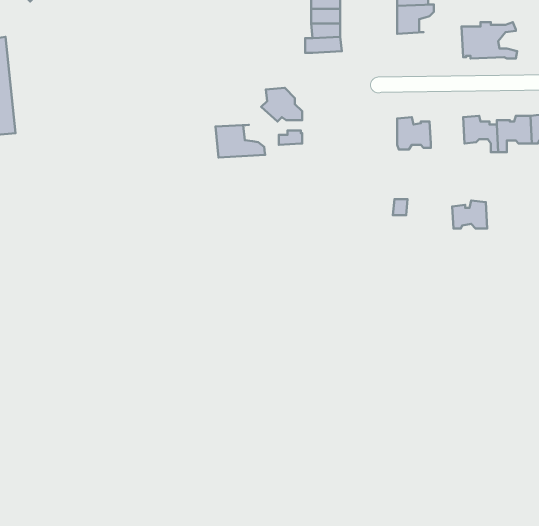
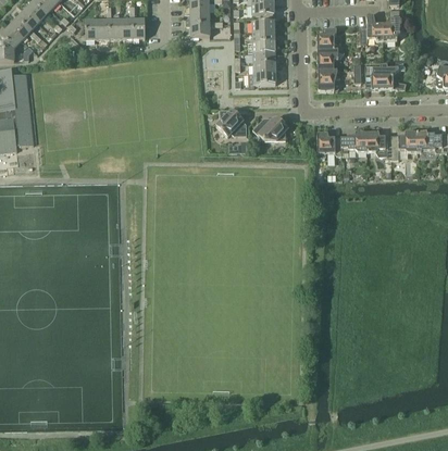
building: none -> [316,68,339,90]
building: none -> [252,117,285,139]
building: [215,125,265,158] -> none
building: [452,201,487,228] -> [340,130,366,151]

